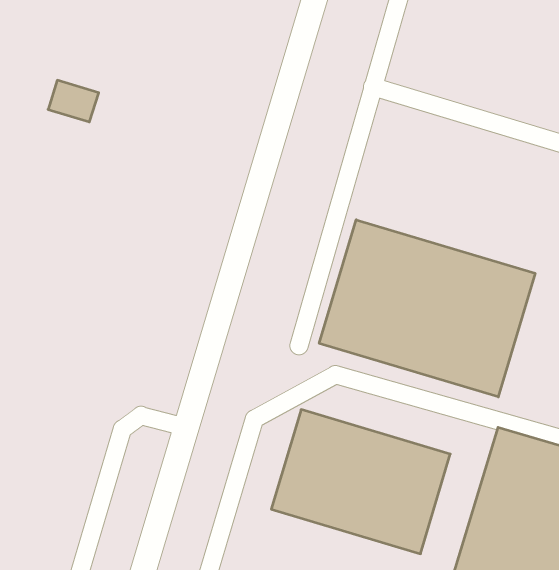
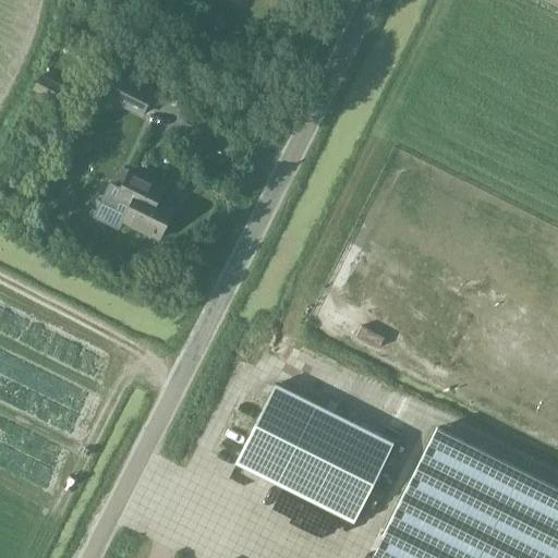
building: none -> [93,169,175,240]
building: [319,220,535,397] -> none

